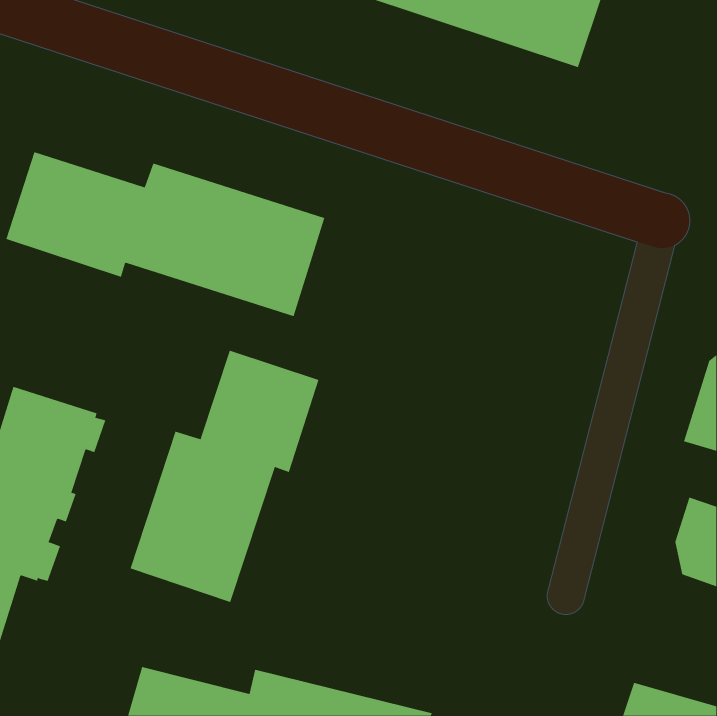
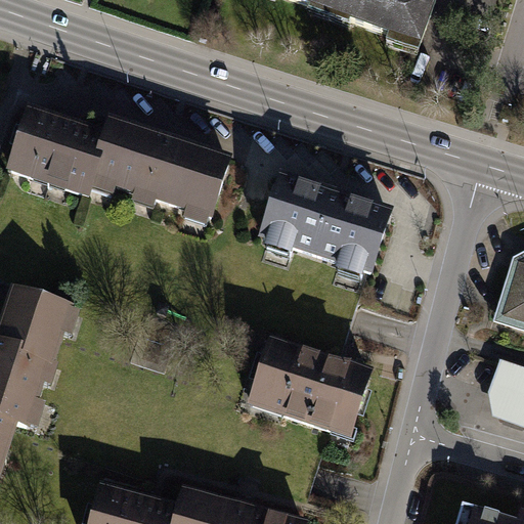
building: none -> [255,175,390,277]
building: [130,350,319,603] -> none
building: none -> [252,336,377,437]

